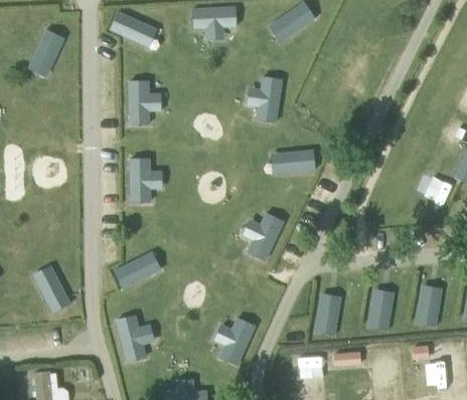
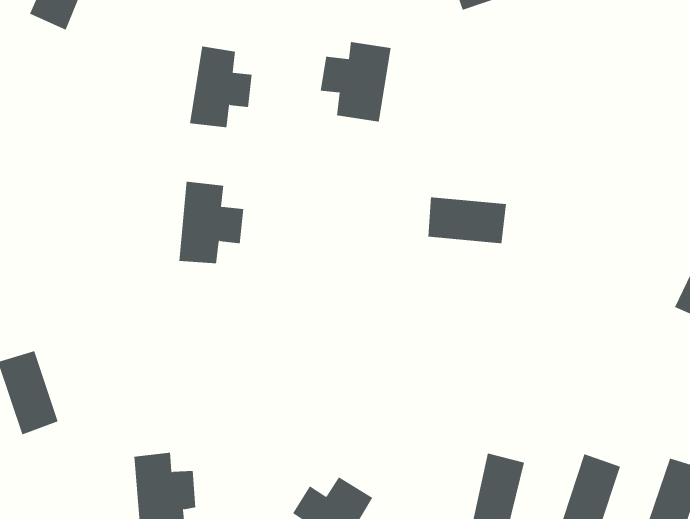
building: [244,77,282,122] -> [320,41,391,122]
building: [239,211,286,261] -> none
building: [111,252,161,289] -> none

